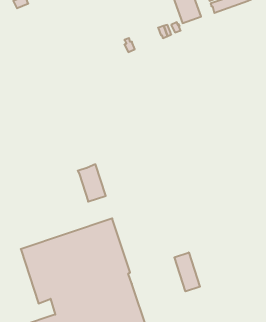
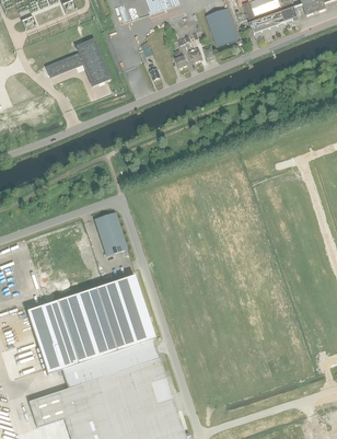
building: none -> [46,36,112,85]
building: [174,252,200,291] -> none

